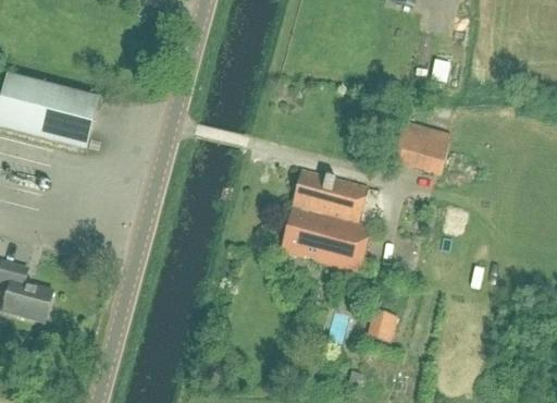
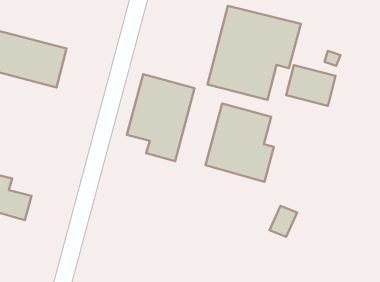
building: none -> [207,6,301,100]
building: none -> [127,74,194,161]

